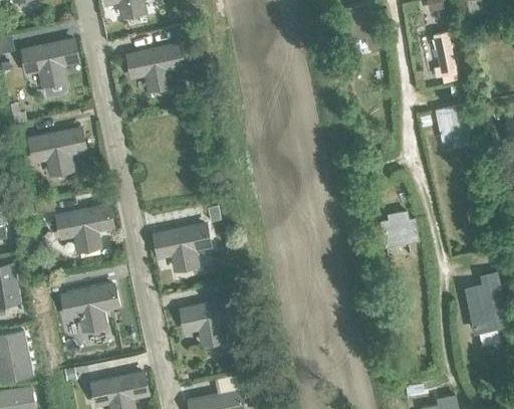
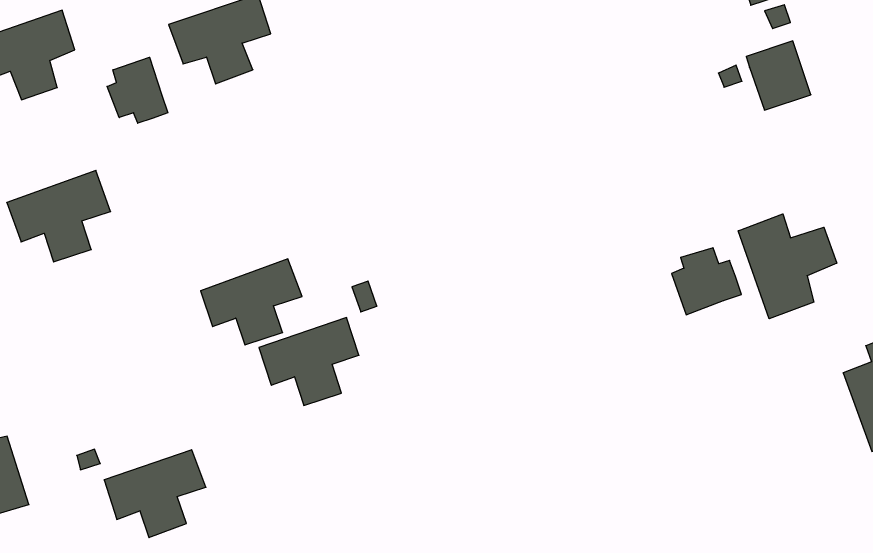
building: none -> [107,57,168,123]
building: none -> [738,214,837,319]
building: [56,205,110,248] -> [201,259,302,345]
building: [181,298,235,344] -> none

